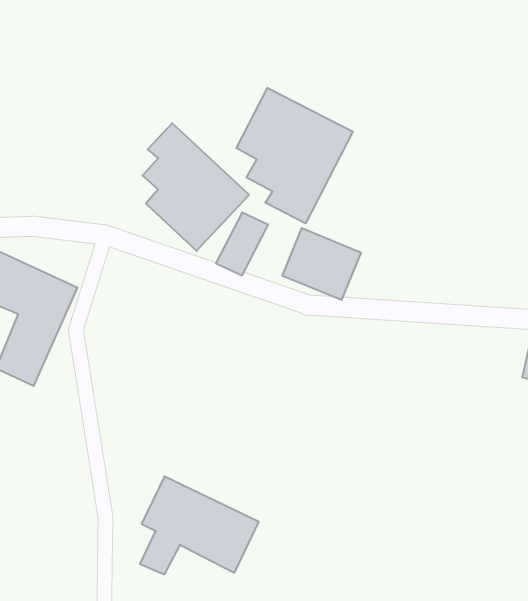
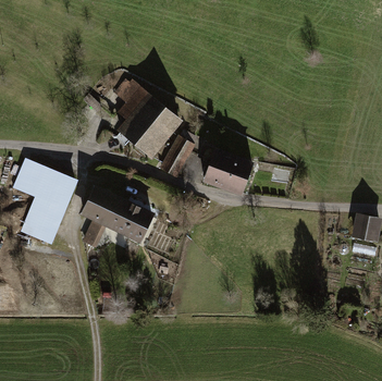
building: [236,88,353,223] -> none
building: [140,476,259,574] -> [82,185,156,246]

